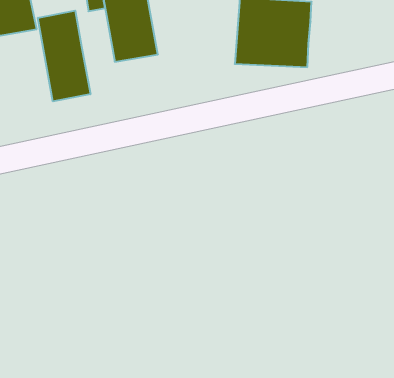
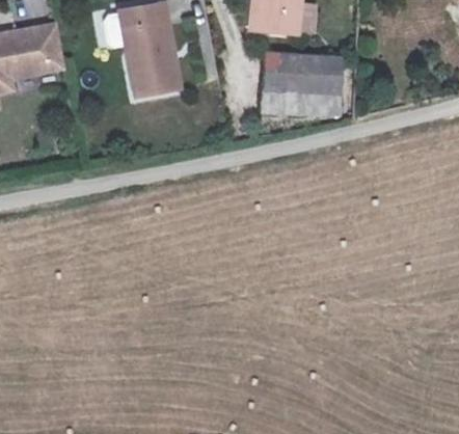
building: [38,11,90,101] -> none

